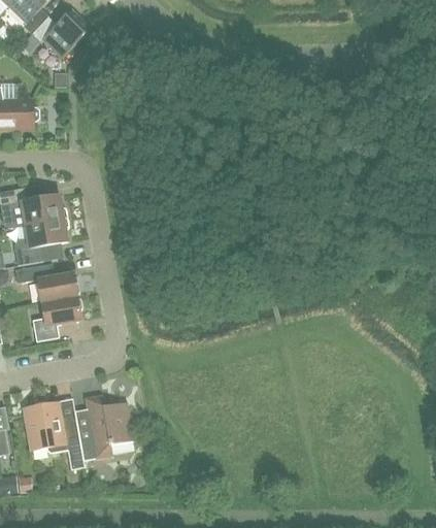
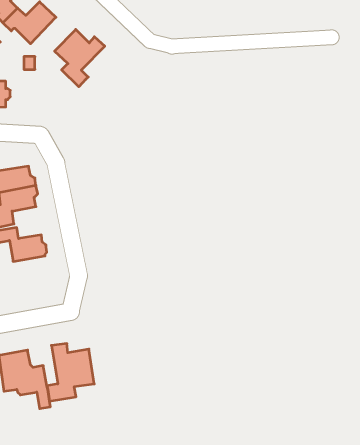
building: none -> [55,29,105,87]
building: [32,296,82,341] -> none

